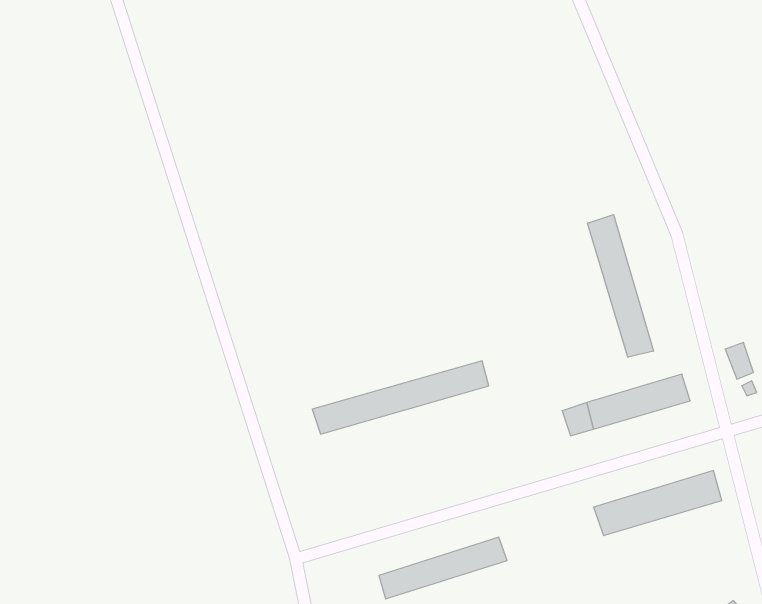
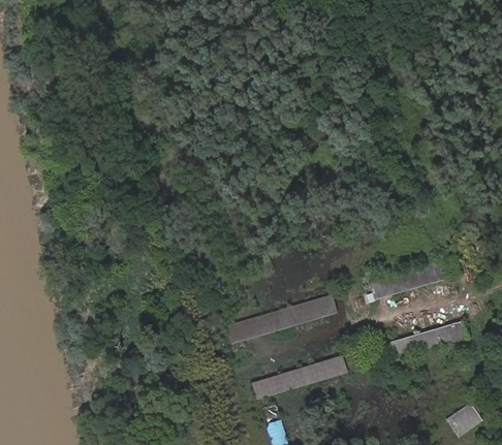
building: [588,215,653,357] -> none
building: [312,361,489,434] -> [225,296,335,342]

